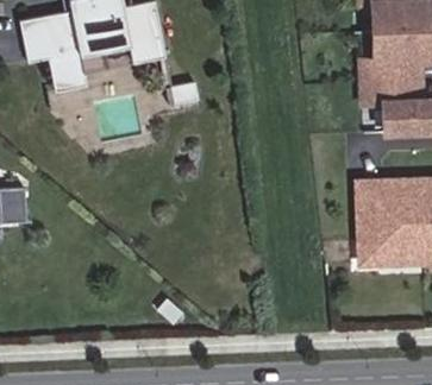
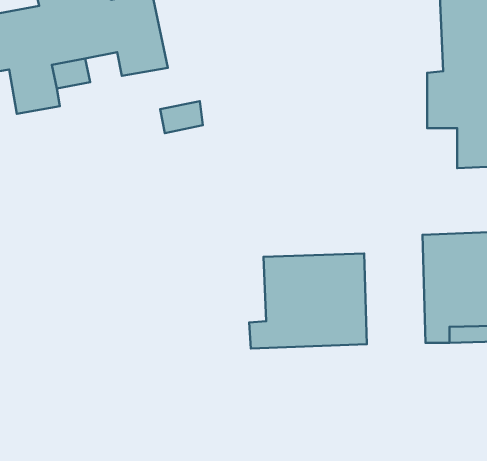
building: none -> [249,253,367,348]

